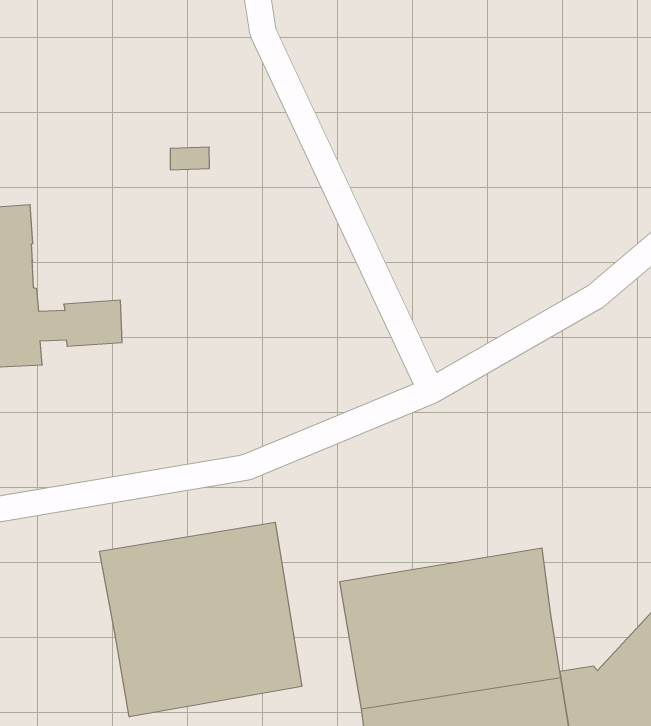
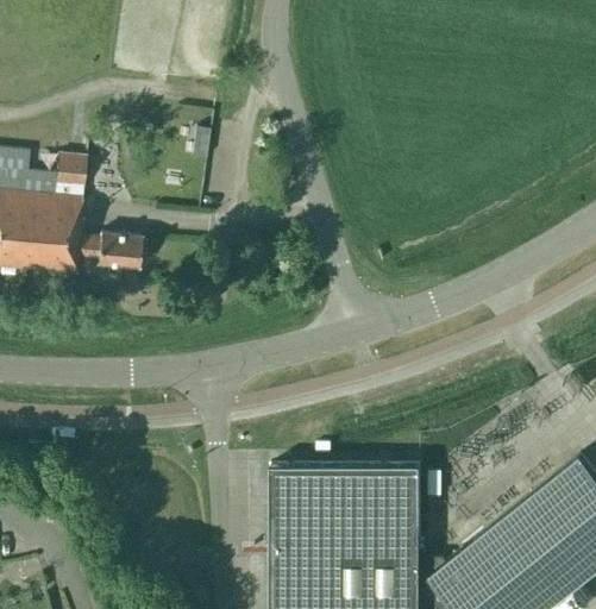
building: [100,522,302,717] -> none

